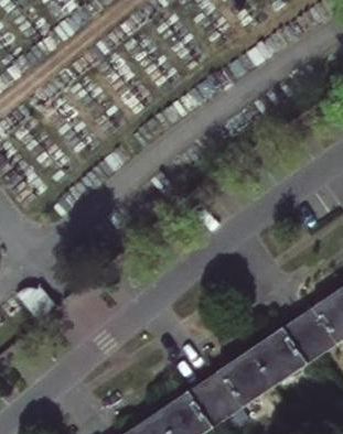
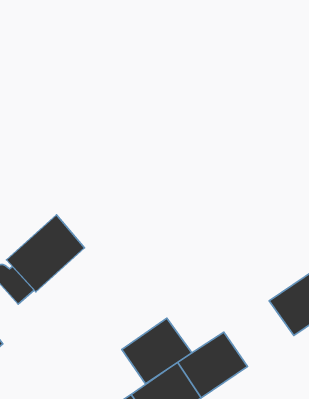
building: none -> [6,215,85,292]
building: [248,319,320,387] -> [122,318,192,384]

